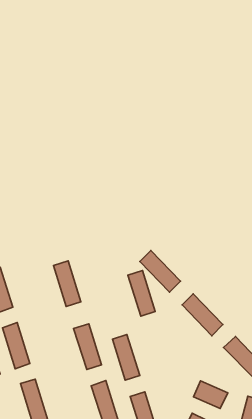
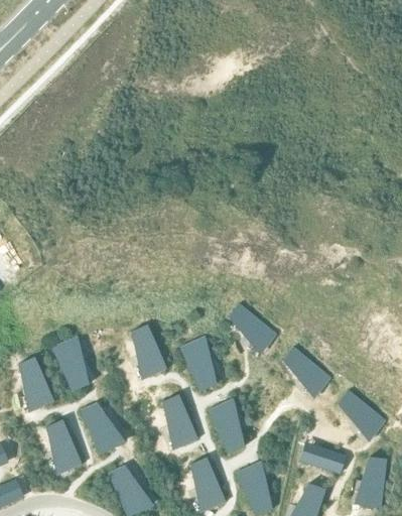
building: [128,271,155,316] -> [178,339,215,391]

